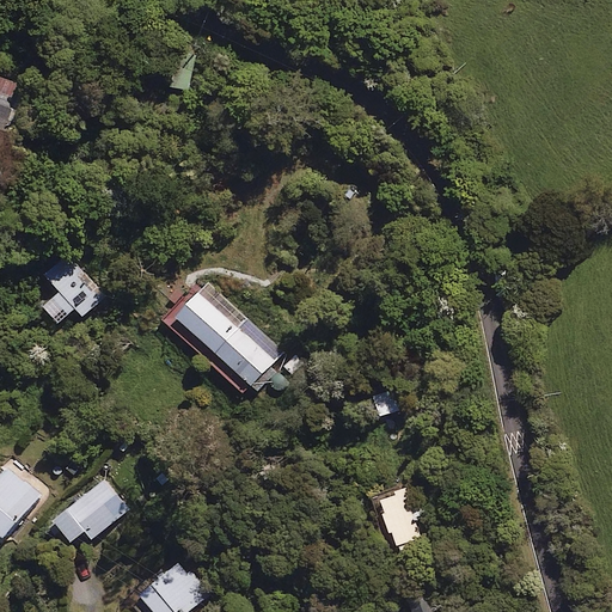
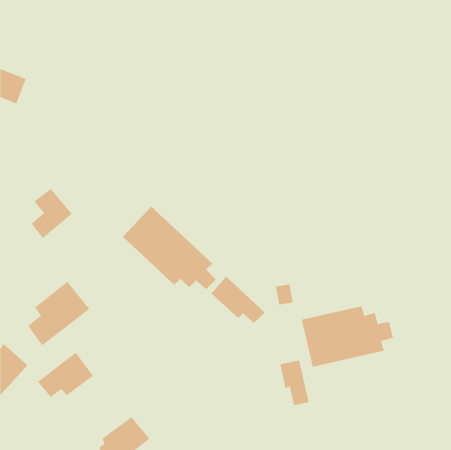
building: none -> [211,276,266,324]
building: none -> [27,281,90,346]
building: none -> [301,305,394,367]

